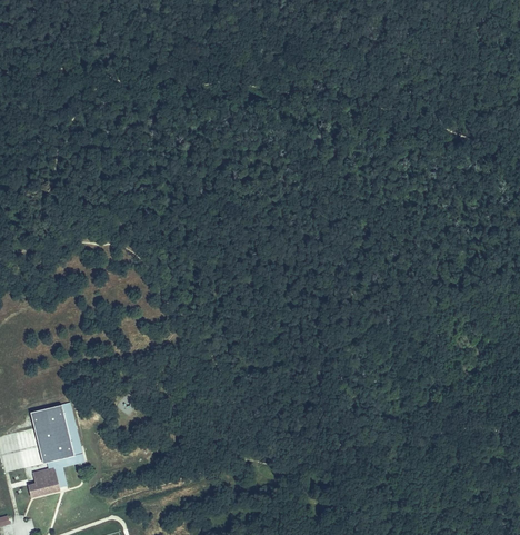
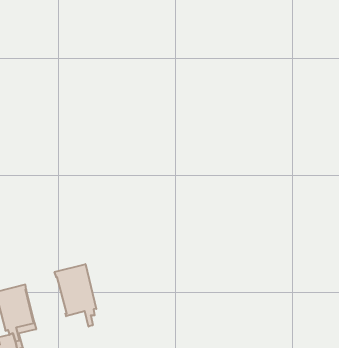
building: none -> [55,264,96,327]

